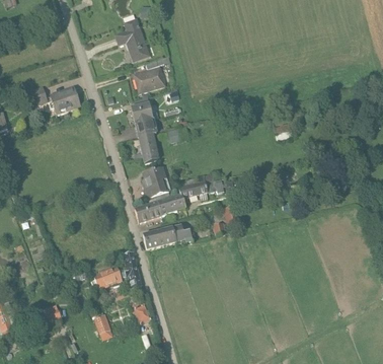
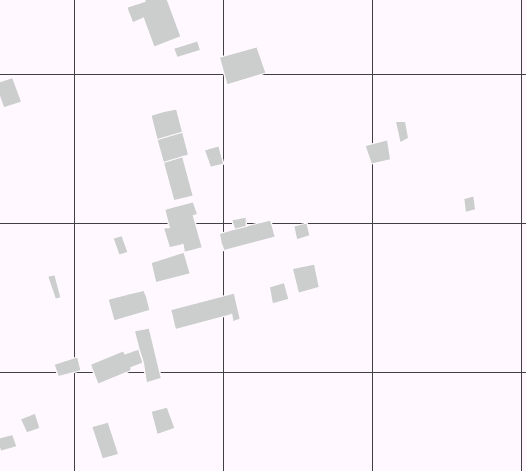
building: [136,69,167,94] -> [219,47,266,85]
building: [47,82,78,111] -> none
building: [154,193,182,213] -> [108,290,150,321]

